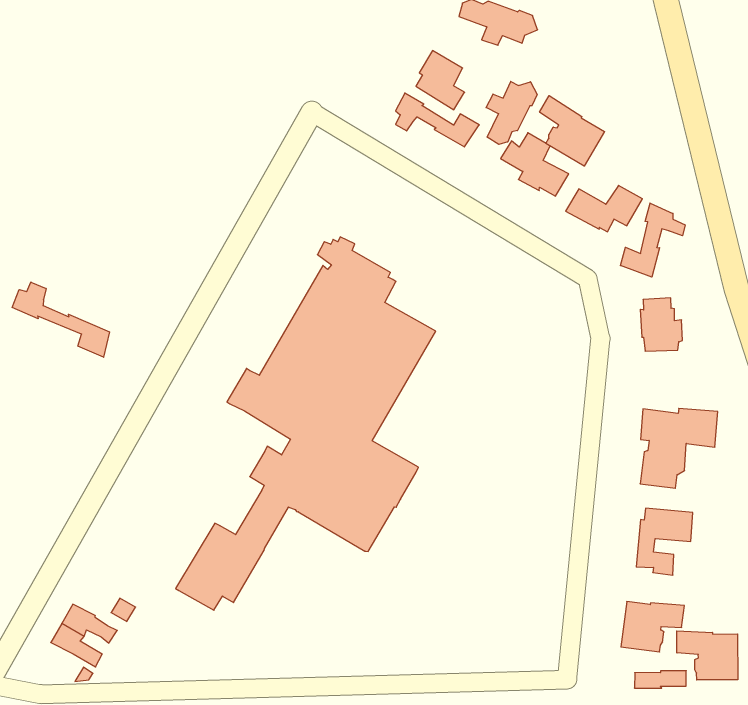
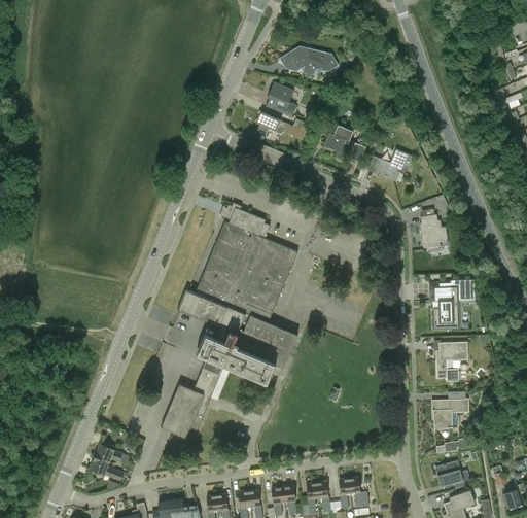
building: [486,81,537,144] -> none
building: [540,96,605,166] -> none
building: [620,203,685,277] -> none
building: [12,282,109,357] -> none
building: [677,631,738,680] -> none

